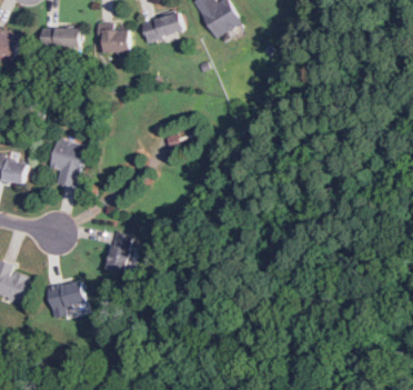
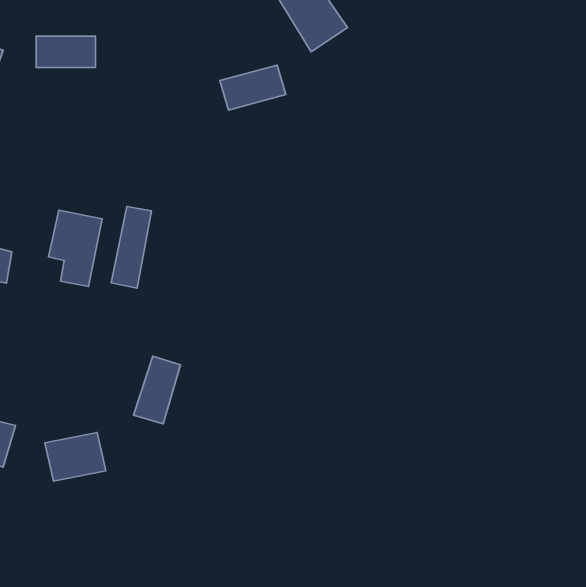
building: [141,12,183,41] -> [220,65,286,110]
building: [99,29,129,51] -> none
building: none -> [111,206,151,288]

